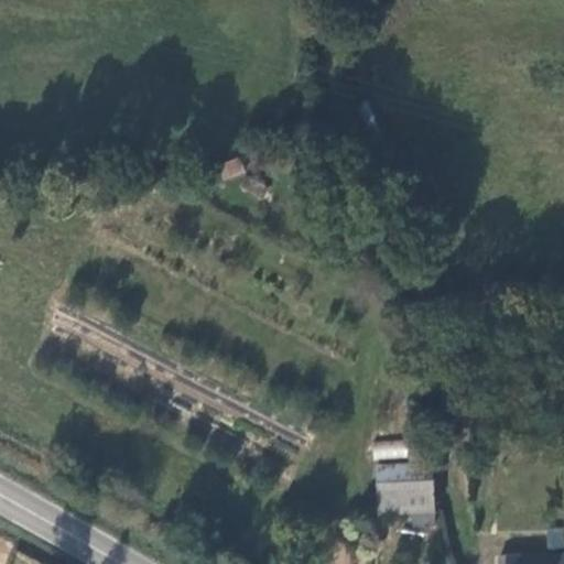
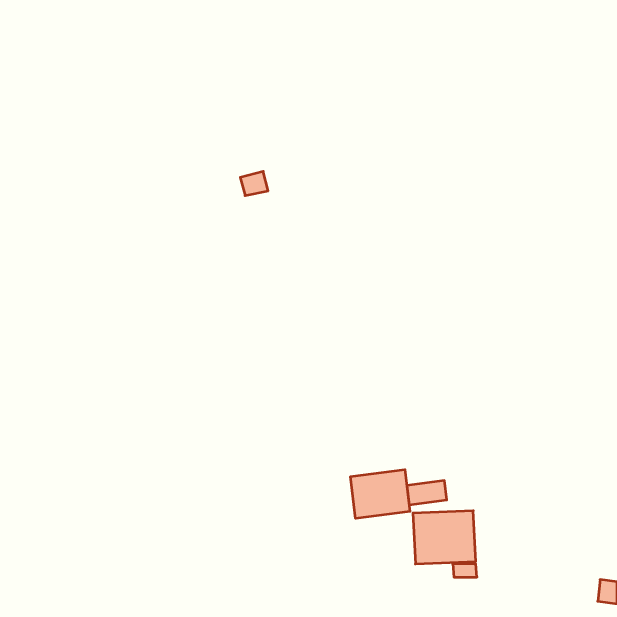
building: none -> [351,470,410,518]

